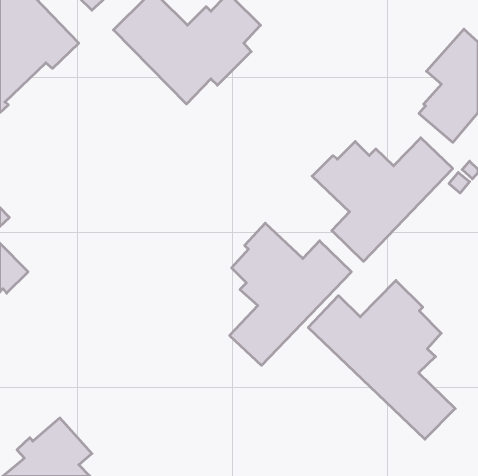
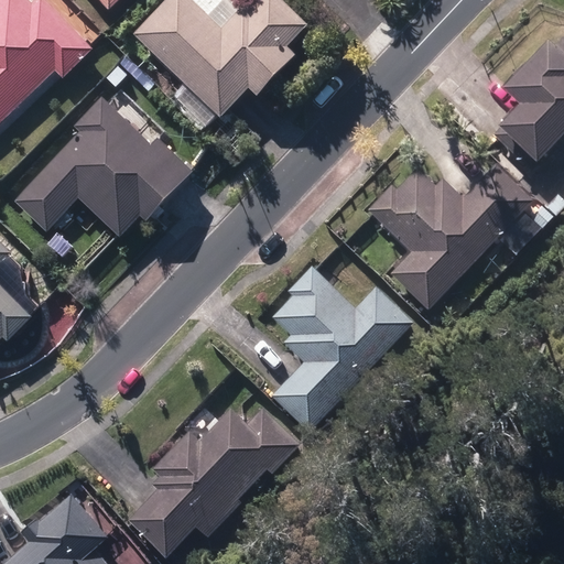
building: none -> [15,99,194,239]
building: [308,280,455,439] -> none
building: none -> [128,395,301,555]

